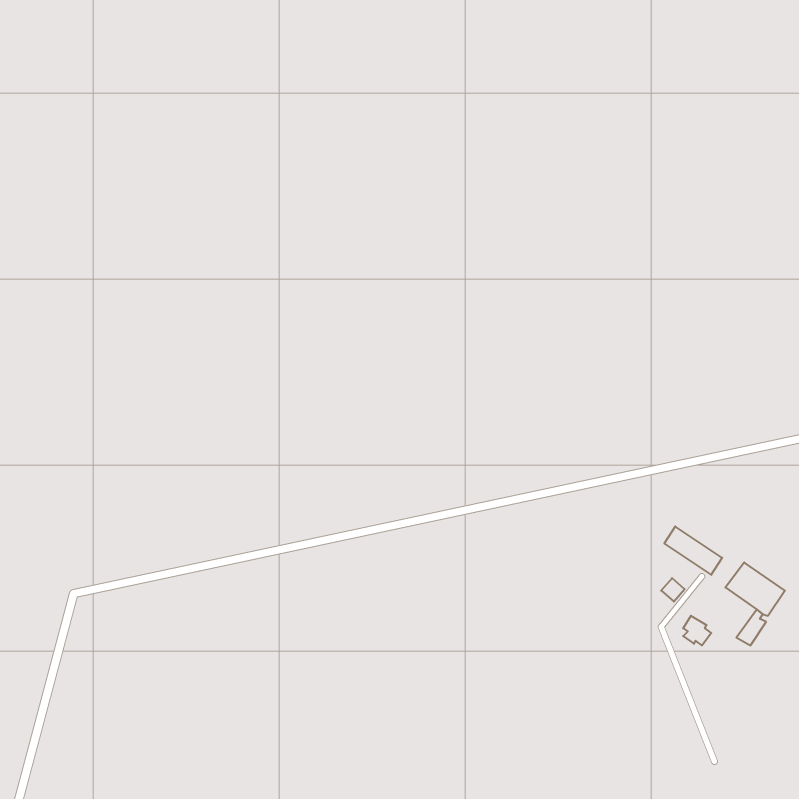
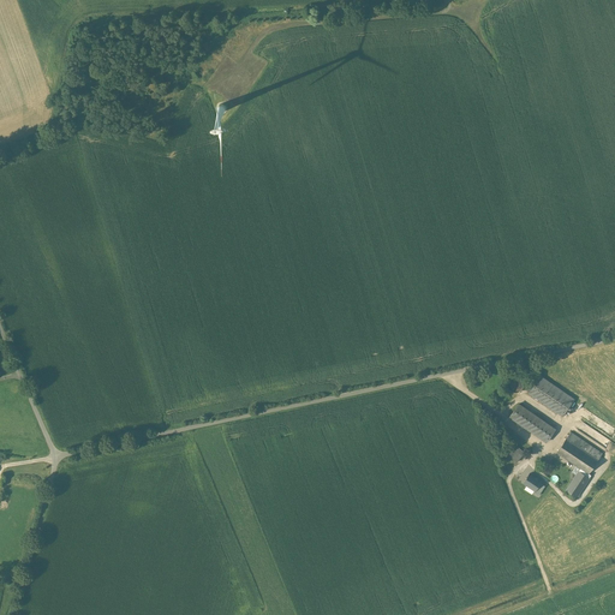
building: none -> [527,374,575,417]

